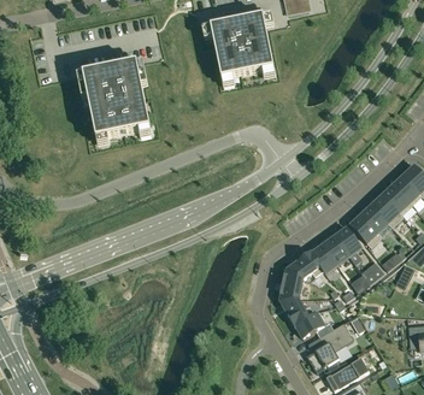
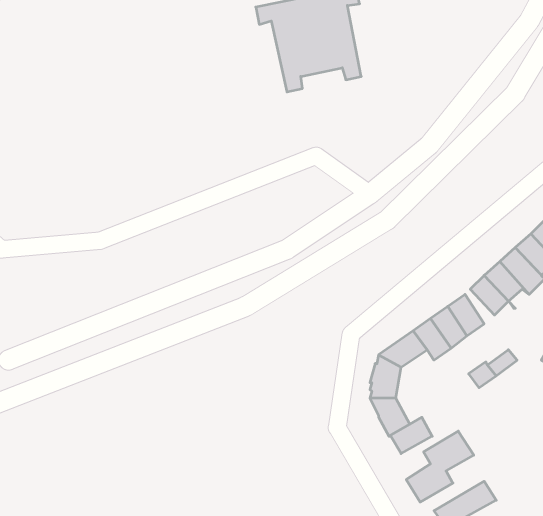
building: [76,61,151,146] -> none

